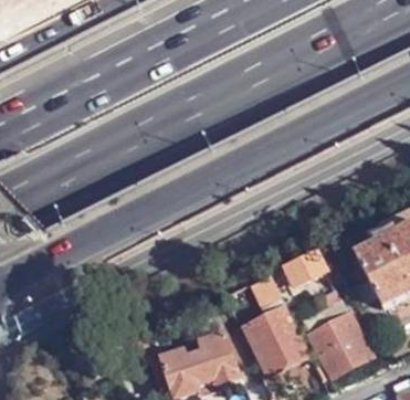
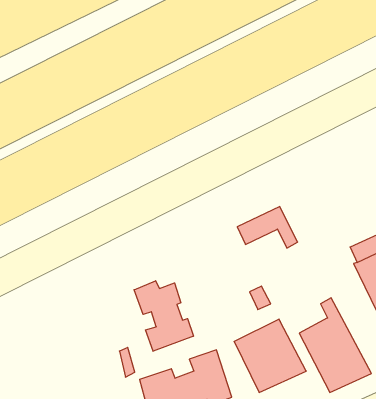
building: [280,253,336,292] -> [237,207,298,248]
building: none -> [134,281,193,351]

